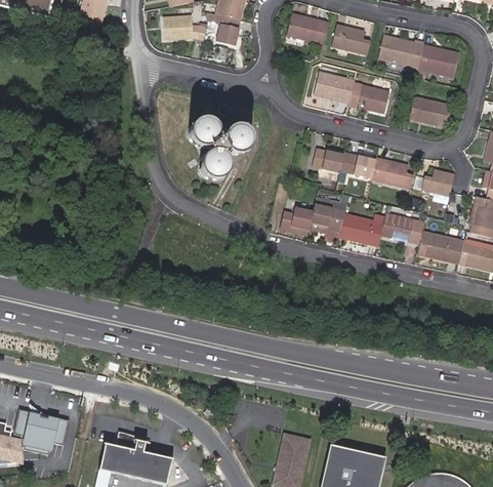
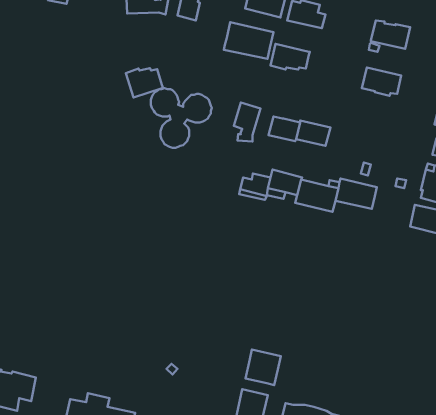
building: [378,36,424,73] -> none
building: none -> [224,22,273,59]
building: [348,83,391,115] -> none
building: none -> [126,68,163,97]
building: none -> [234,103,260,142]
building: [371,157,414,190] -> none
building: [421,170,455,197] -> none
building: [417,231,464,263] -> none
building: none -> [245,349,281,385]

